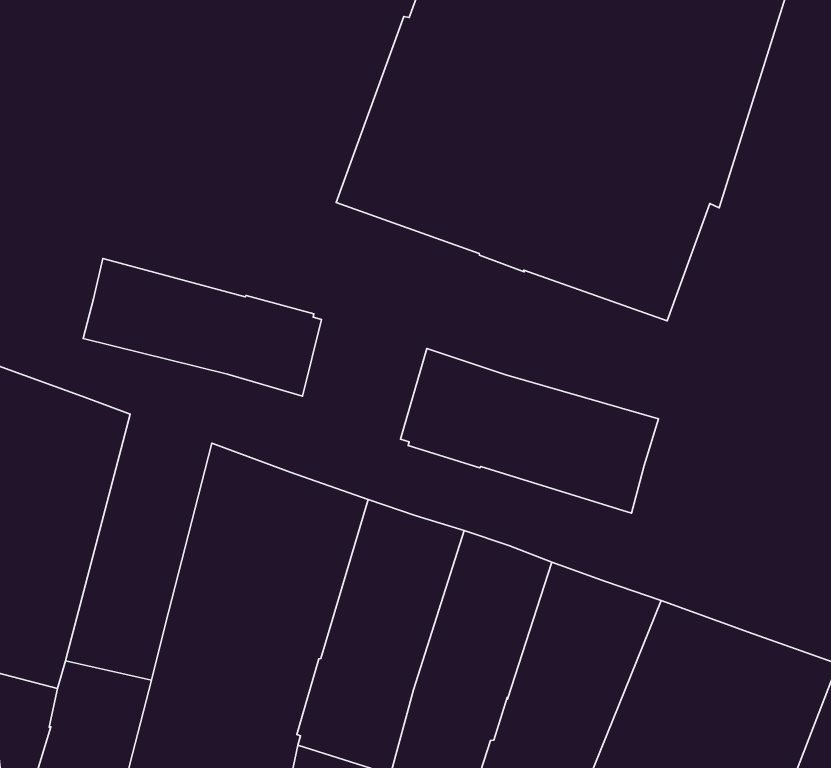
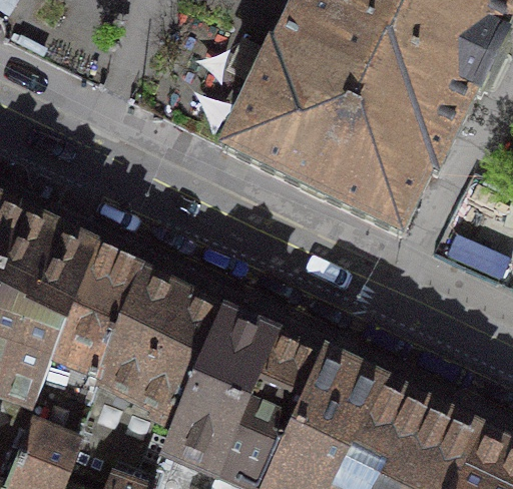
building: [83,259,321,396] -> none
building: [401,348,658,513] -> none
building: none -> [43,247,138,397]

